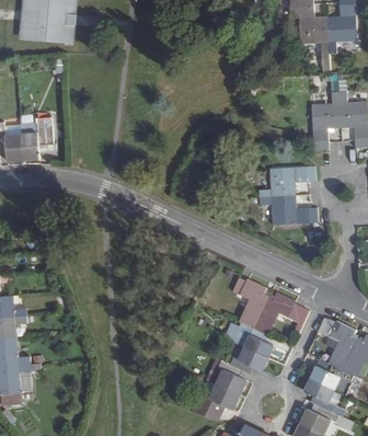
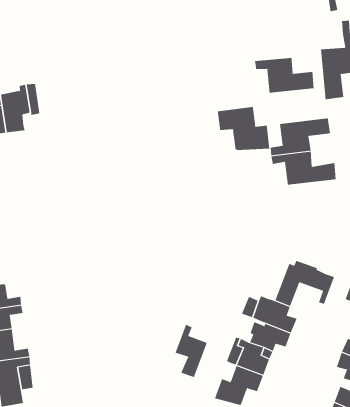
building: none -> [254,57,314,94]
building: none -> [217,106,270,151]
building: [232,277,269,328] -> none
building: none -> [175,324,207,378]

